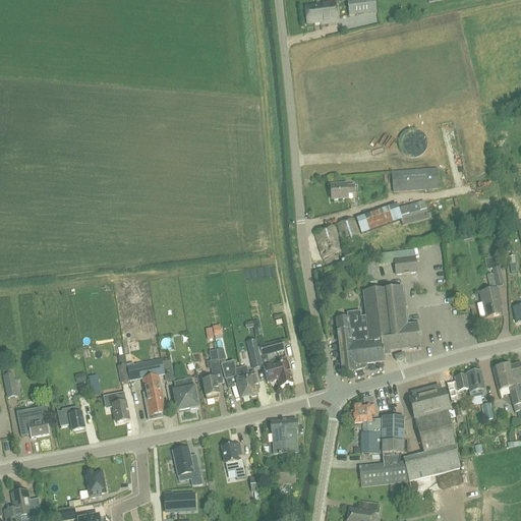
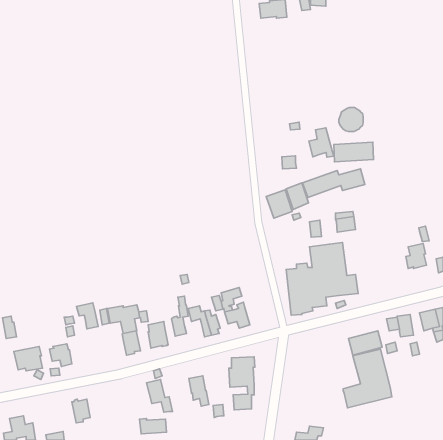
building: none -> [309,128,334,157]
building: [104,391,129,421] -> [77,303,98,329]
building: [350,395,408,485] -> none

